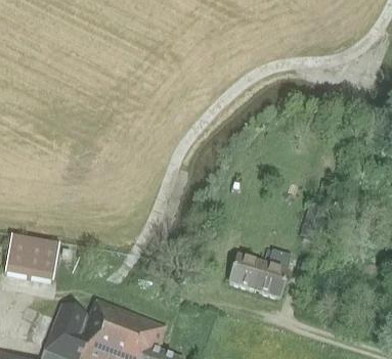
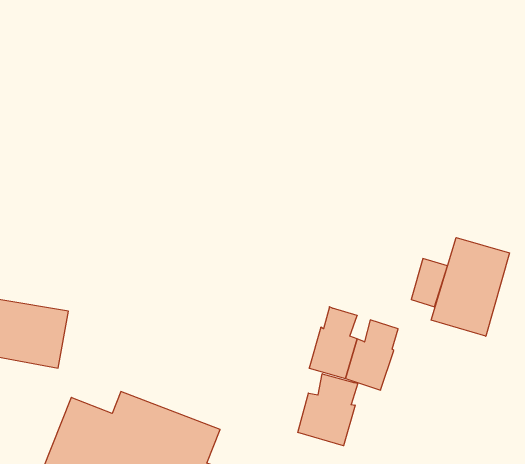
building: none -> [431,238,510,336]
building: none -> [298,374,358,446]

